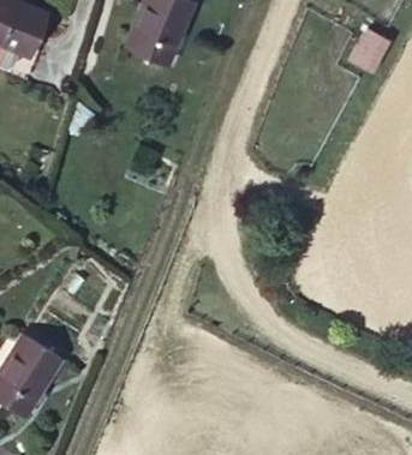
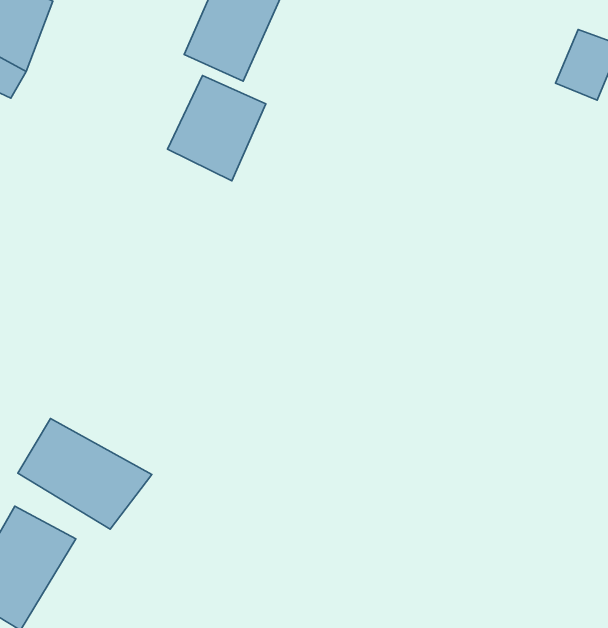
building: none -> [167,75,266,181]
building: none -> [18,419,152,529]

